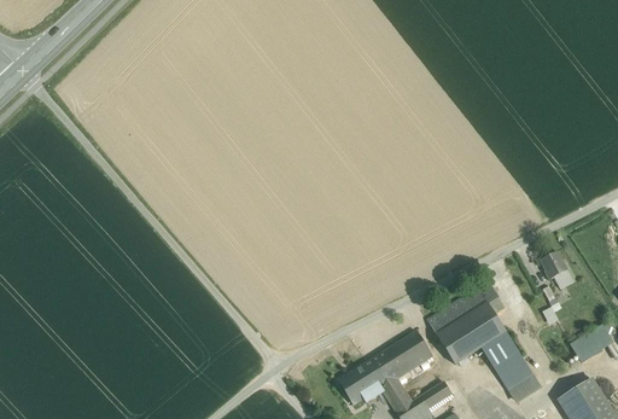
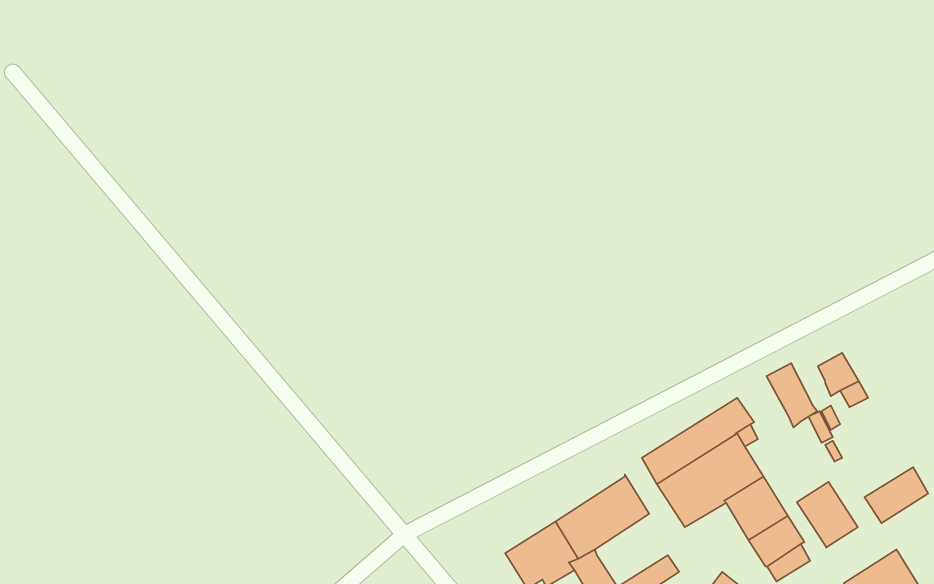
building: none -> [766,363,817,428]
building: none -> [797,482,858,548]

